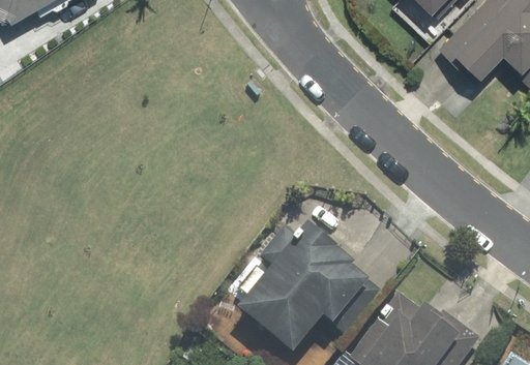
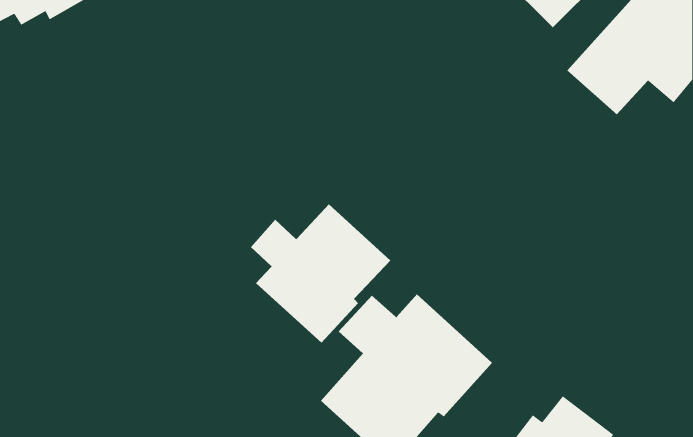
building: none -> [250,204,391,344]

